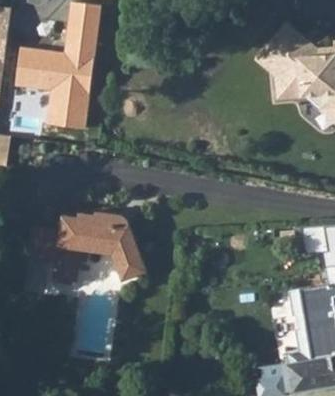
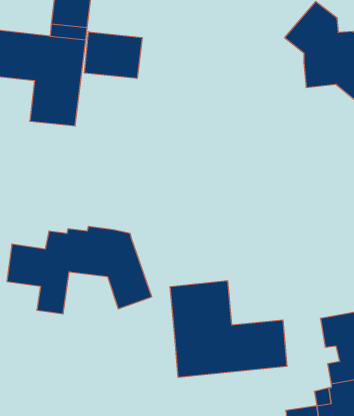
building: none -> [85,32,142,79]
building: none -> [170,281,287,377]

